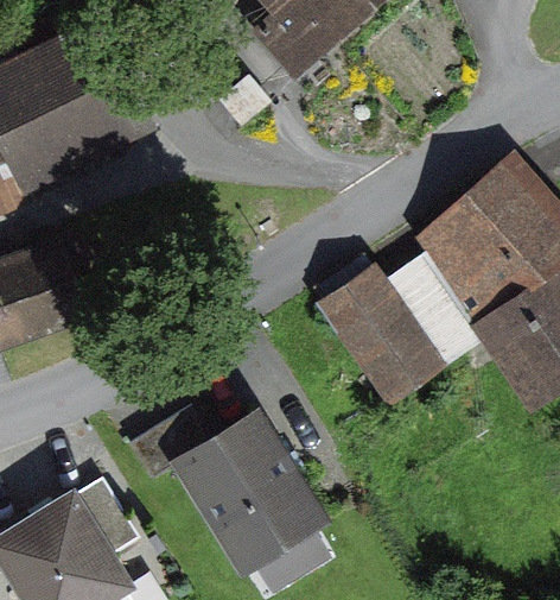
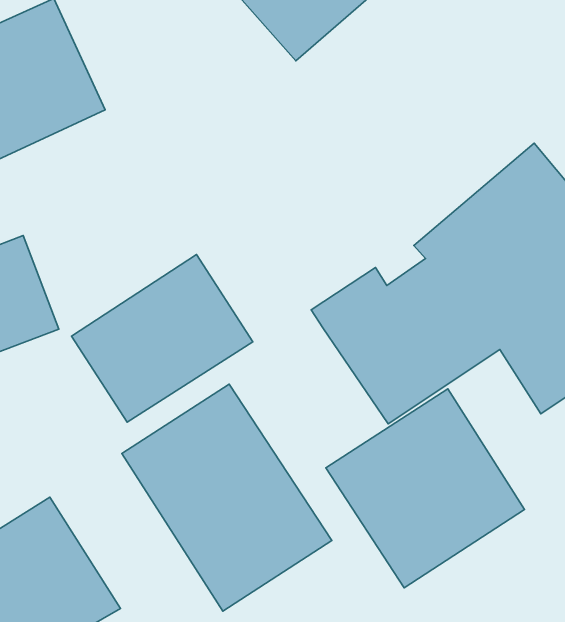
building: none -> [71,254,253,422]
building: none -> [326,389,525,588]

